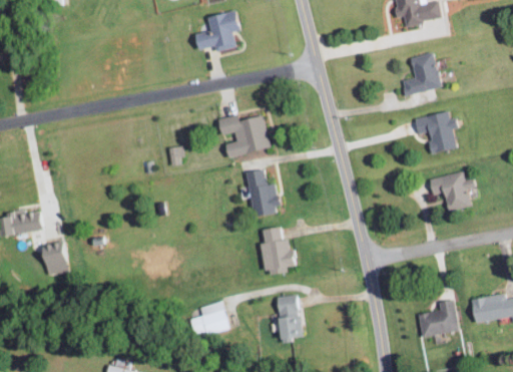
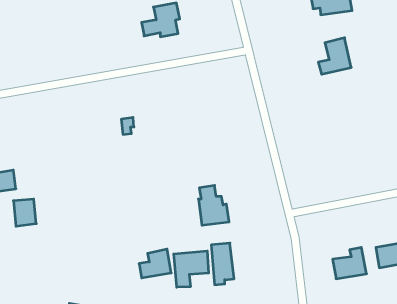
building: [414,111,457,153] -> none
building: [216,115,272,157] -> none
building: [245,169,279,217] -> none
building: [429,171,474,212] -> none
building: none -> [174,251,209,287]

